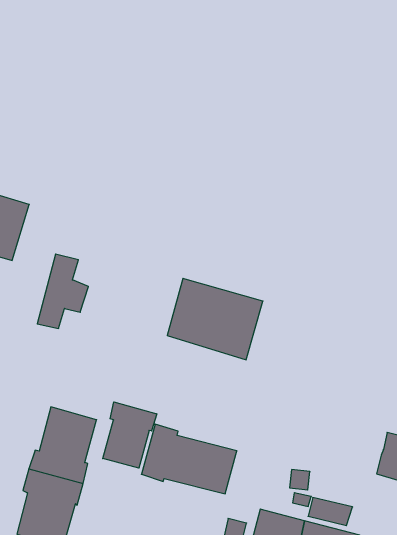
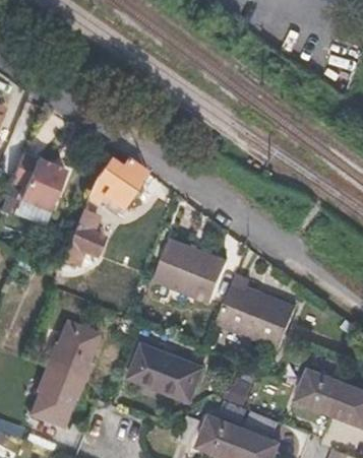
building: none -> [85,158,145,208]
building: none -> [215,274,295,349]
building: [103,402,157,468] -> none

